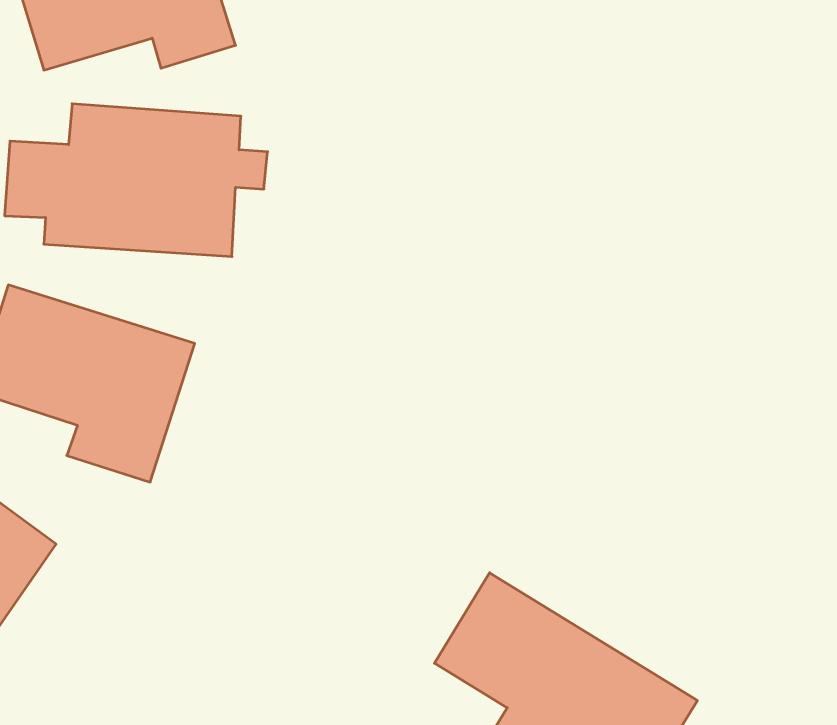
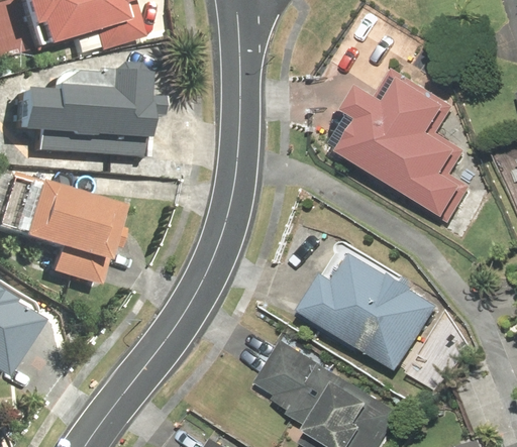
building: none -> [338,66,471,217]
building: none -> [300,253,436,368]

